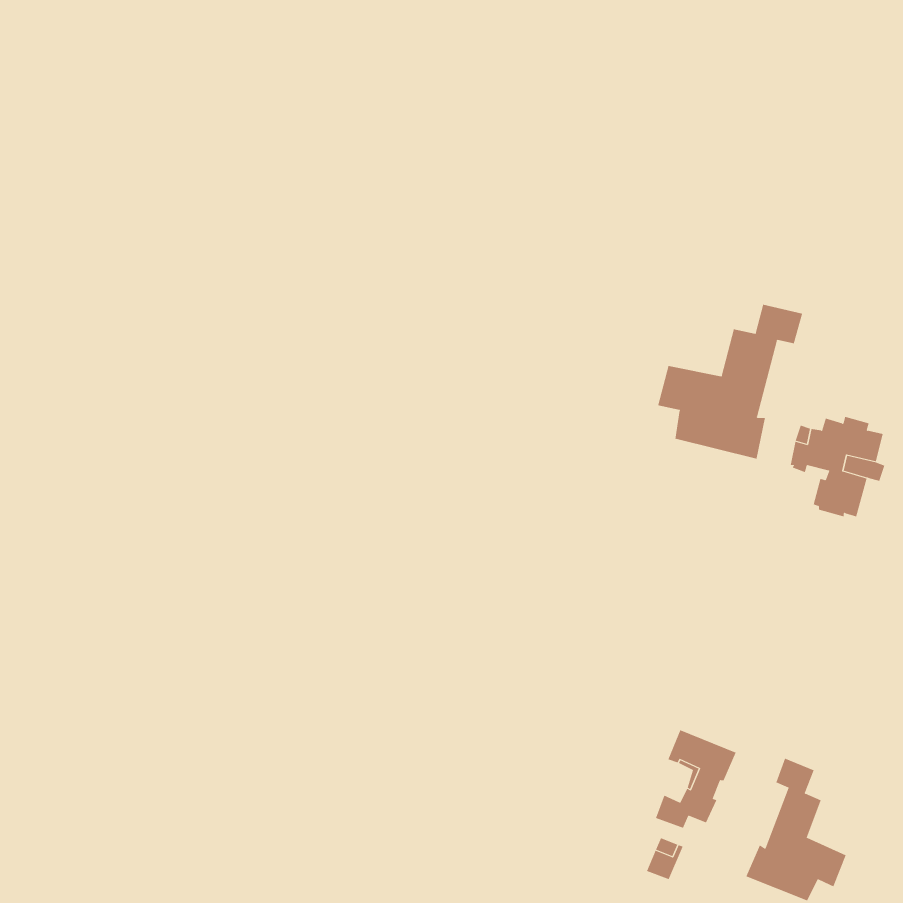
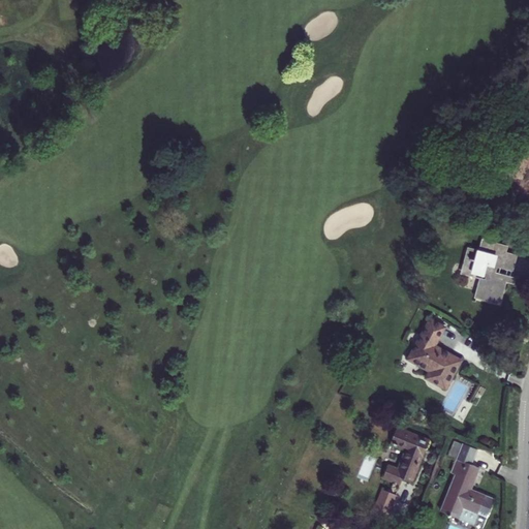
building: [658,304,803,459] -> none
building: none -> [406,316,462,388]

